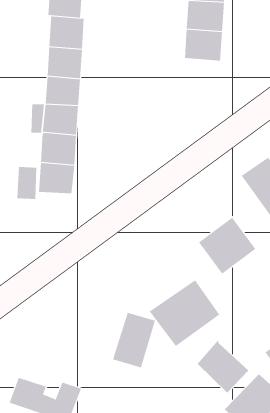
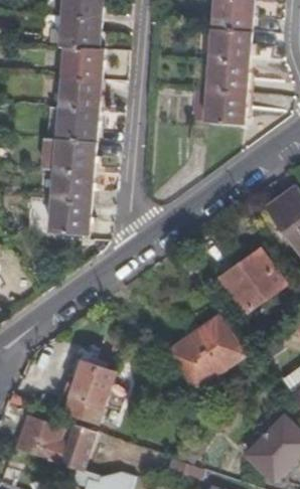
building: none -> [202,83,245,117]
building: [112,312,156,368] -> [69,362,116,422]
building: [197,340,249,394] -> none

